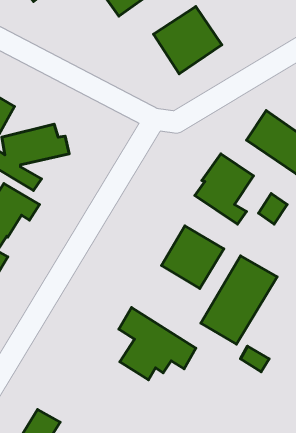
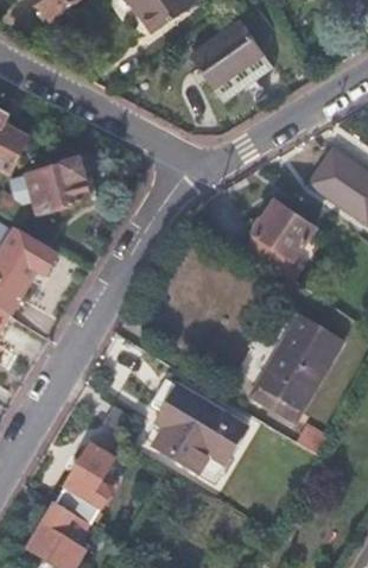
building: [162,226,224,288] -> none
building: none -> [52,440,114,524]

